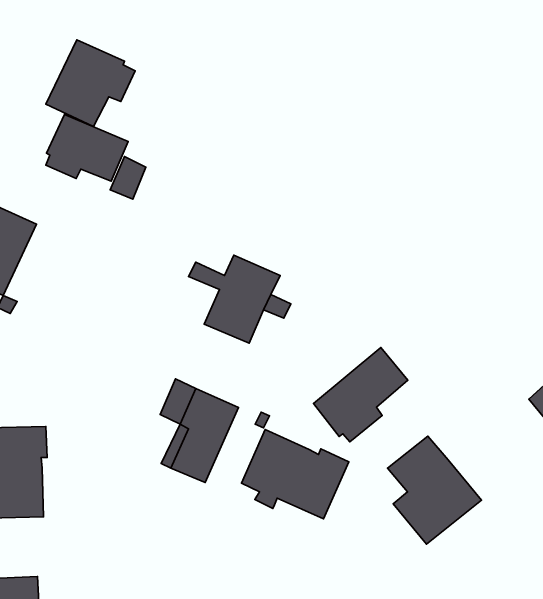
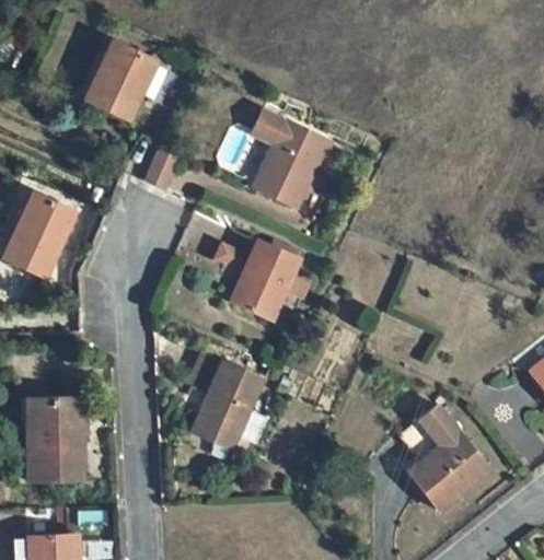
building: none -> [252,109,328,207]
building: [46,115,128,181] -> none
building: [313,348,408,442] -> none
building: [241,430,349,519] -> none

